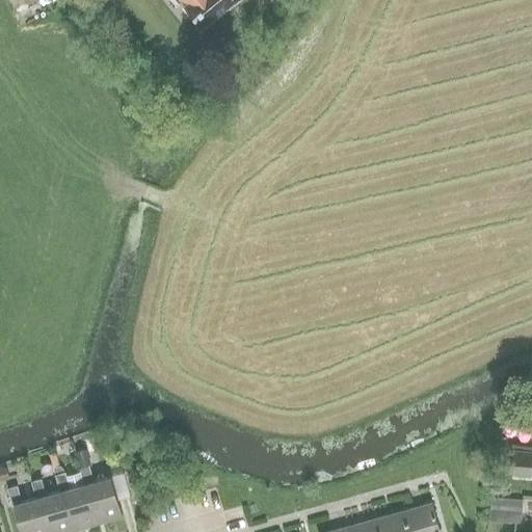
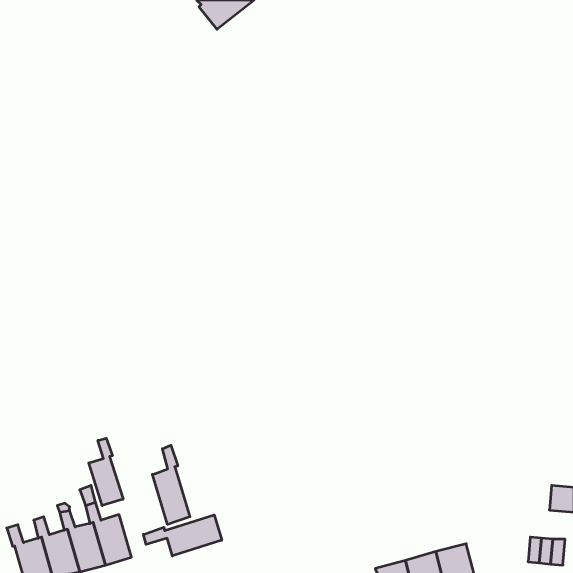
building: none -> [89,438,123,506]
building: none -> [152,445,190,524]
building: none -> [143,515,222,556]

